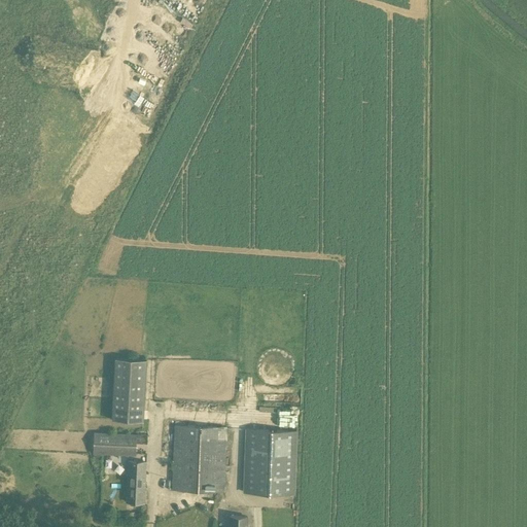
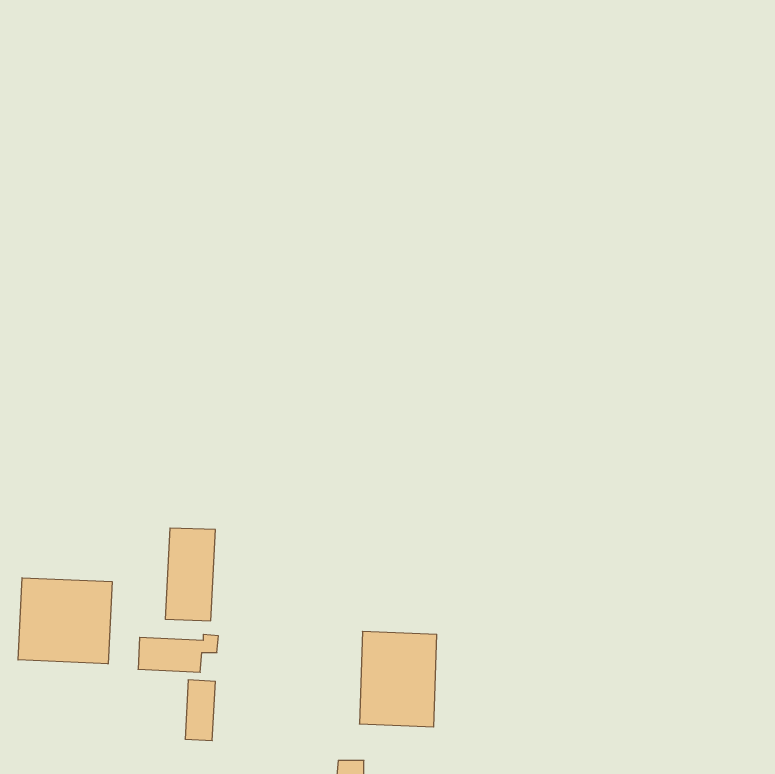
building: none -> [18,578,112,664]
building: [172,426,225,492] -> none

